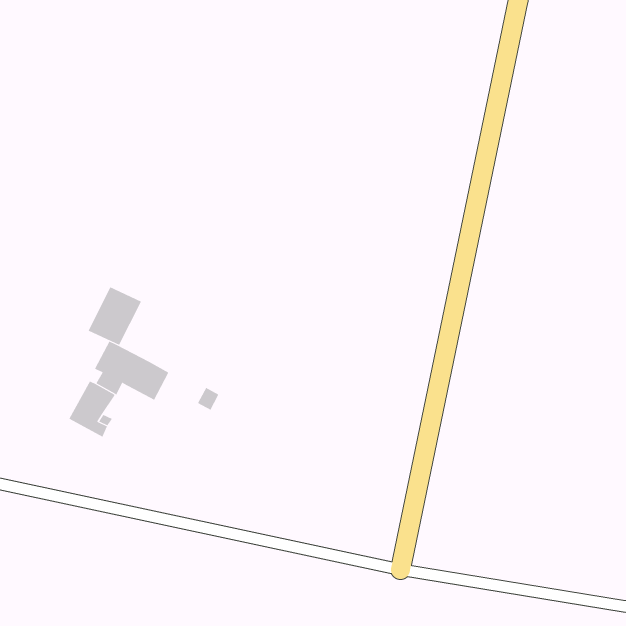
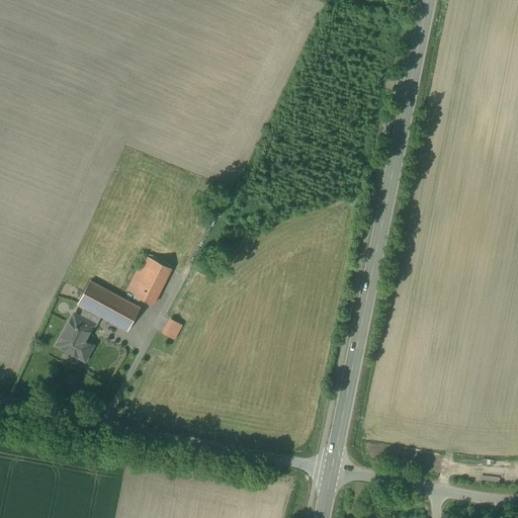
building: [88,287,142,345] -> [126,256,171,305]

